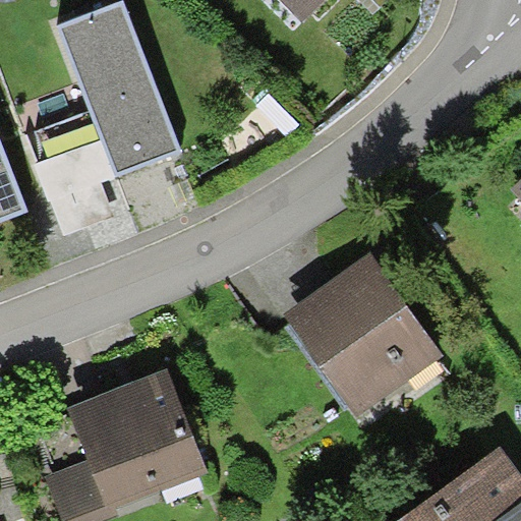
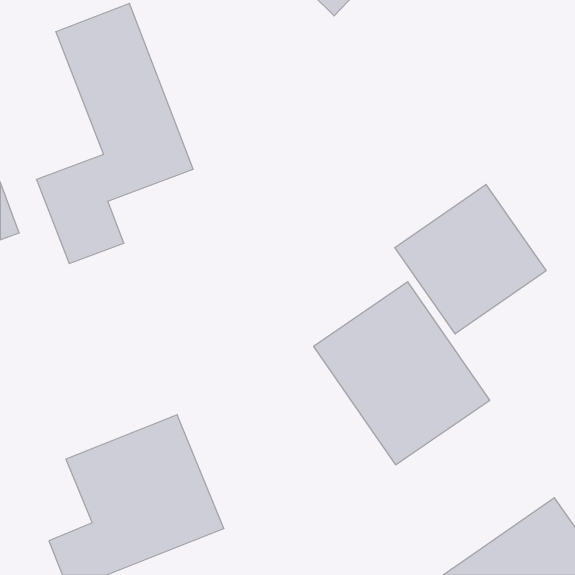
building: none -> [395,184,546,334]

